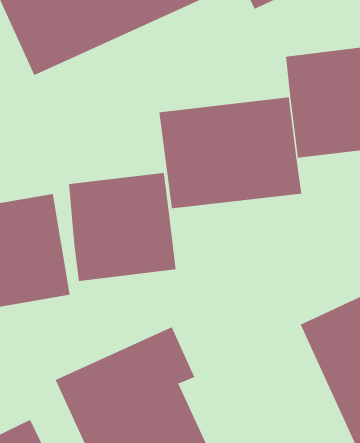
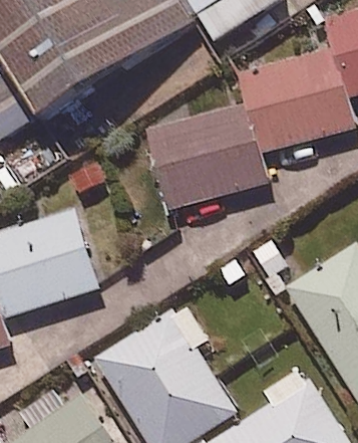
building: [69,172,176,282] -> none

